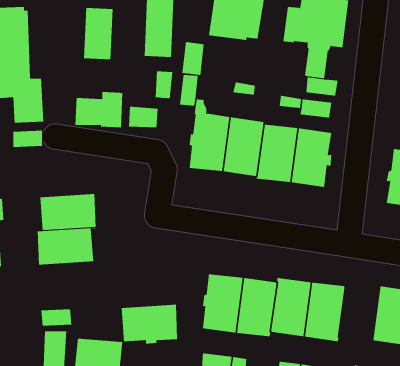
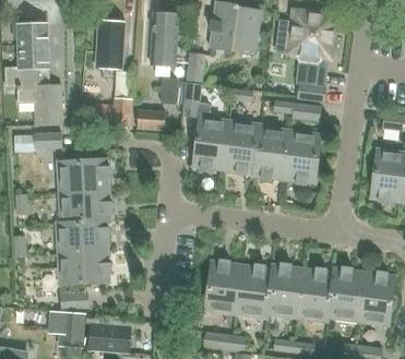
building: none -> [57,156,108,192]
building: none -> [326,267,364,321]
building: [121,304,178,344] -> [57,250,108,286]

